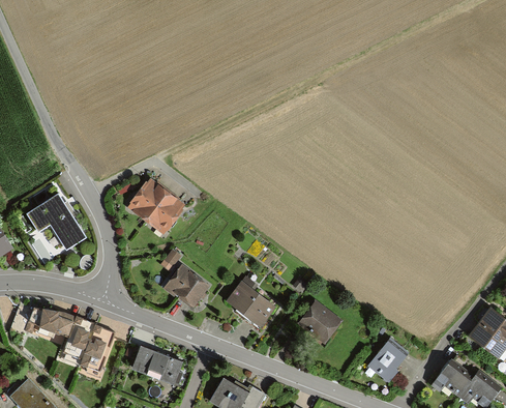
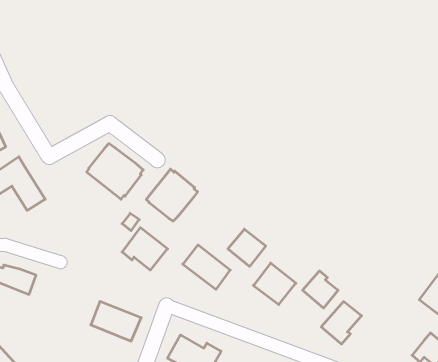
building: none -> [146,169,198,221]
building: none -> [228,229,266,266]
building: none -> [303,271,338,308]
building: [62,314,114,368] -> none
building: [433,363,473,397] -> none

